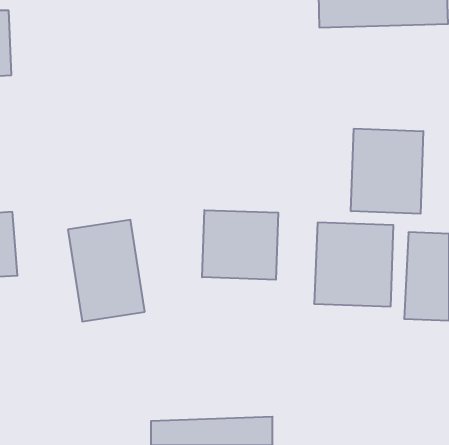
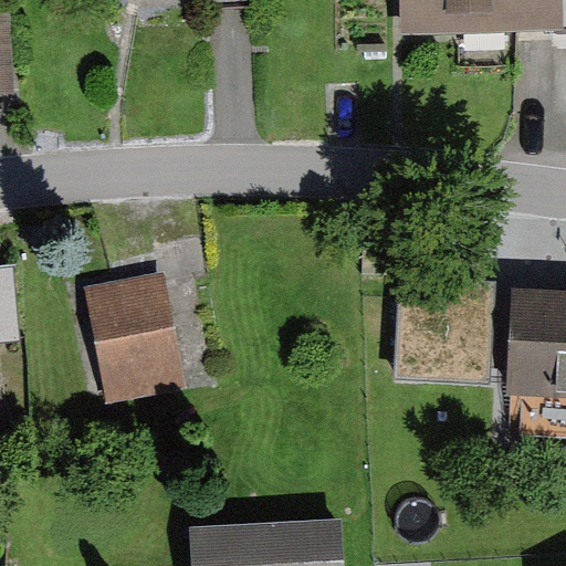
building: [351,129,423,214] -> none
building: [202,210,278,280] -> none

